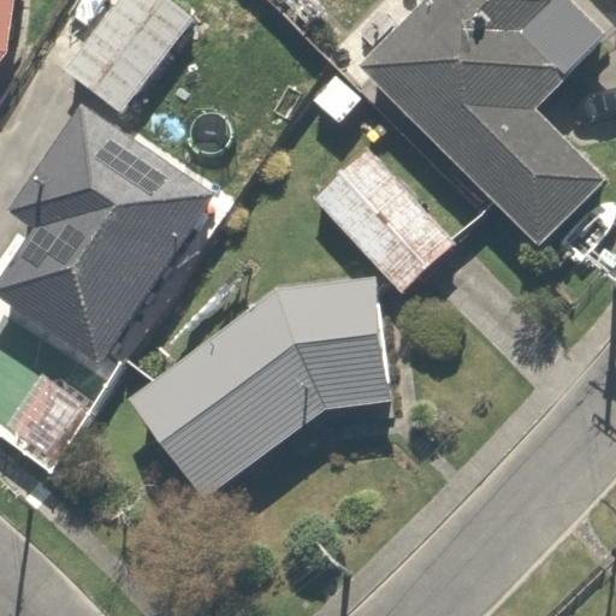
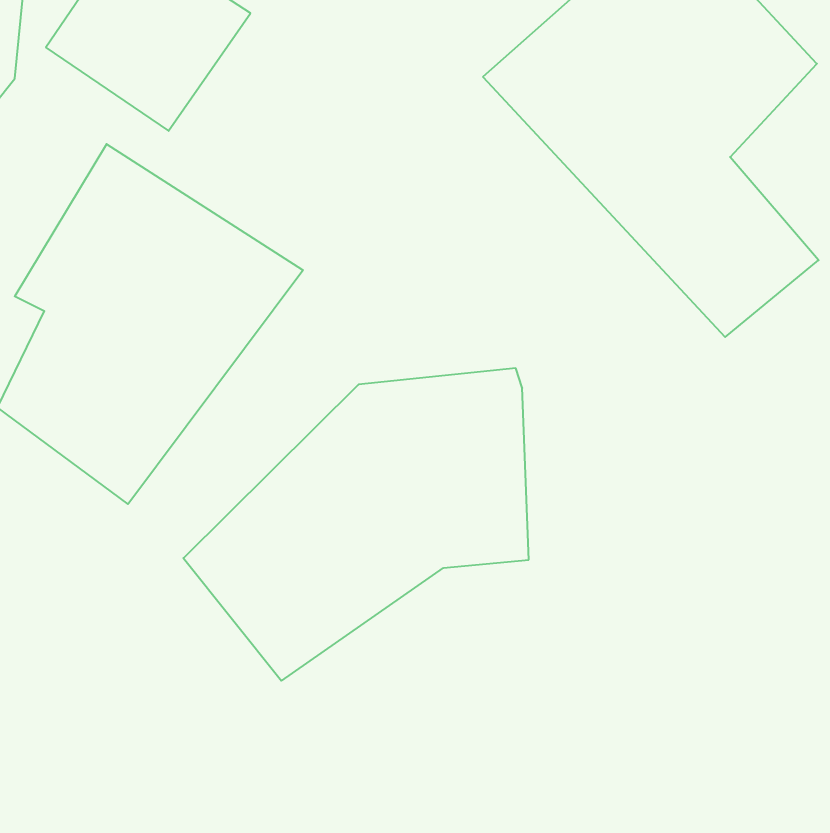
building: [309,140,457,290] -> none

